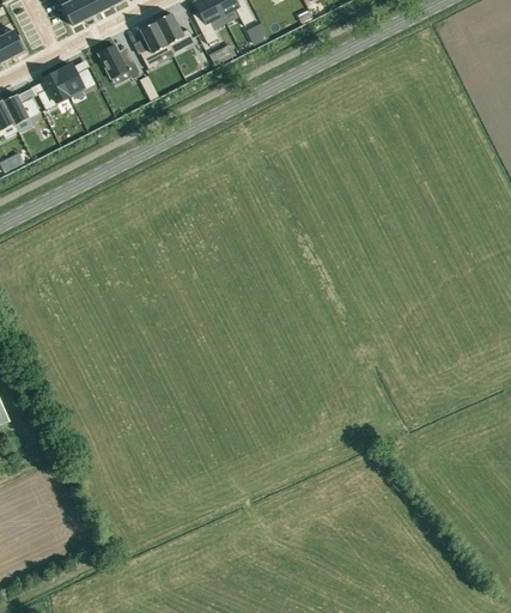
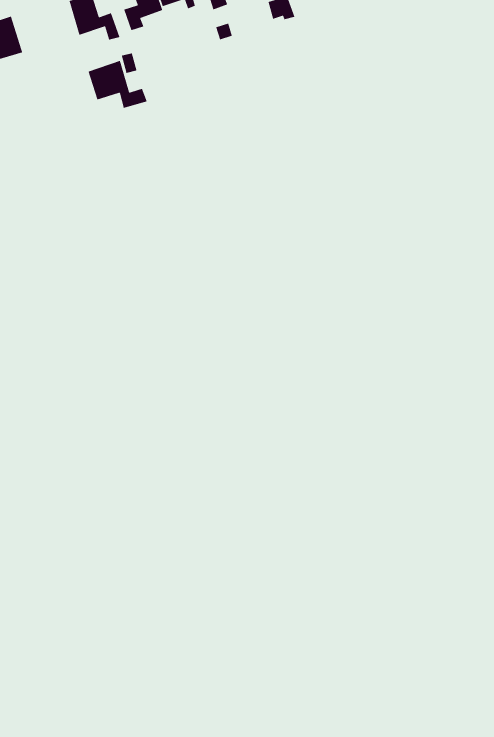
building: [57,62,96,93] -> none
building: none -> [87,60,148,109]

